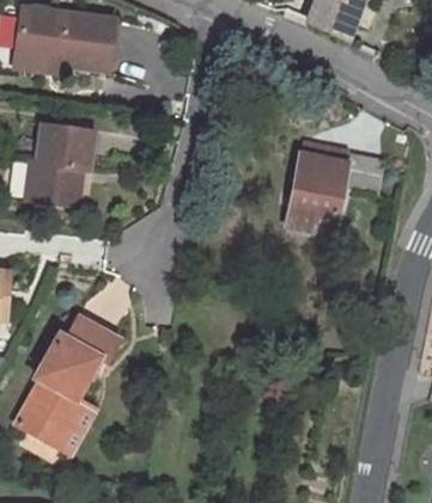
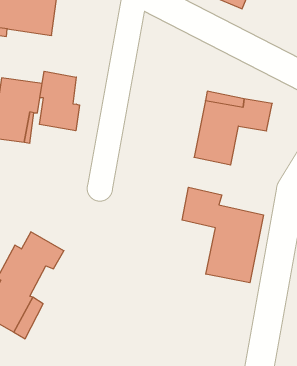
building: none -> [39,71,80,131]
building: none -> [182,187,263,283]

